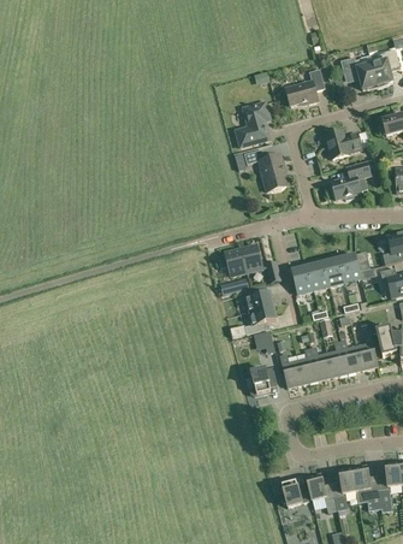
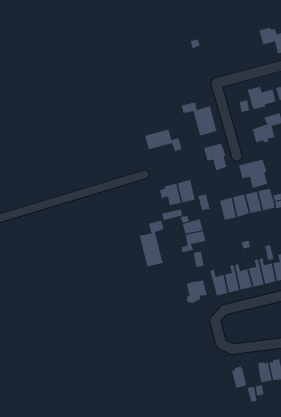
building: [286,69,325,106] -> none
building: [237,101,271,147] -> none
building: none -> [145,129,182,152]
building: none -> [203,143,227,171]
building: none -> [238,159,268,189]
building: none -> [139,220,164,267]
building: [278,480,309,507] -> none

